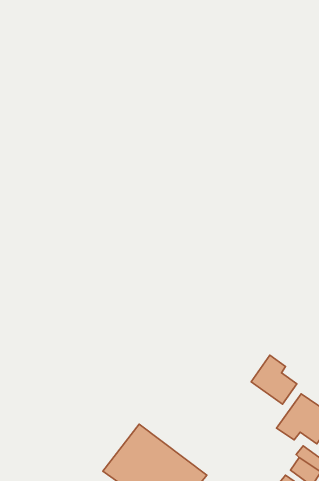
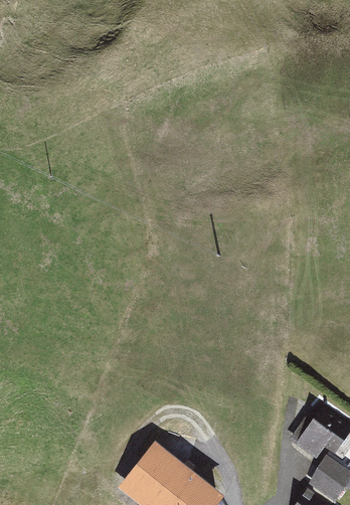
building: [251,355,297,404] -> none

